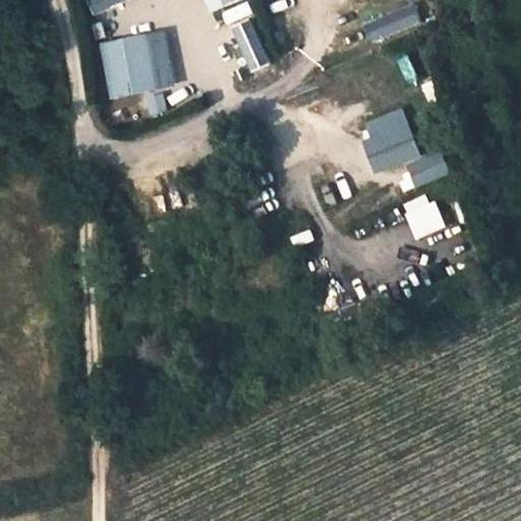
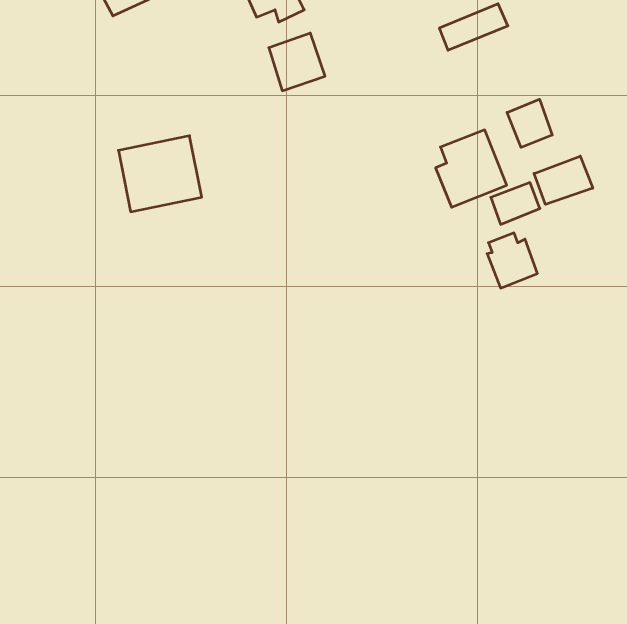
building: [102,33,171,96] -> [118,136,202,212]
building: none -> [507,99,552,147]
building: none -> [534,156,593,204]

